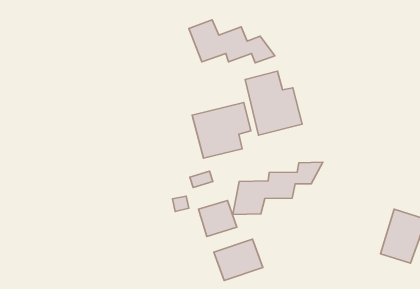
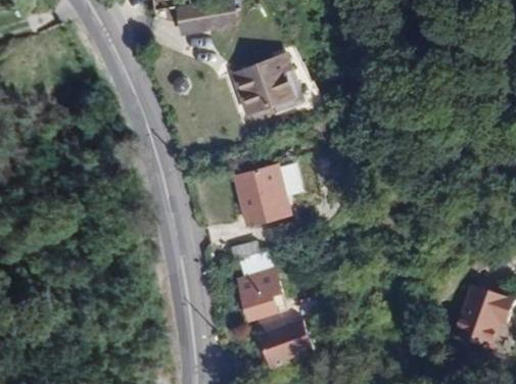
building: [245,71,302,135] -> none
building: [233,162,323,214] -> none

